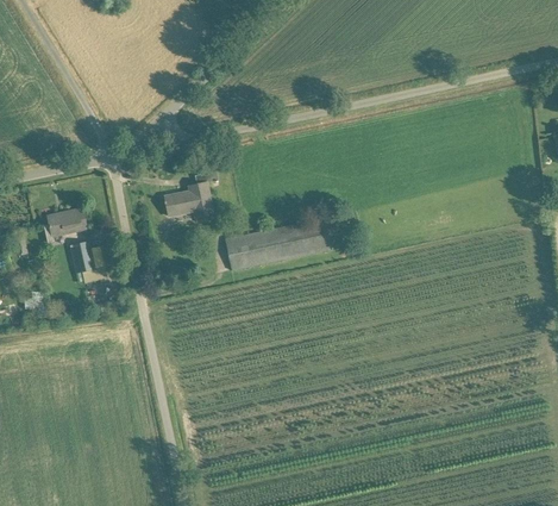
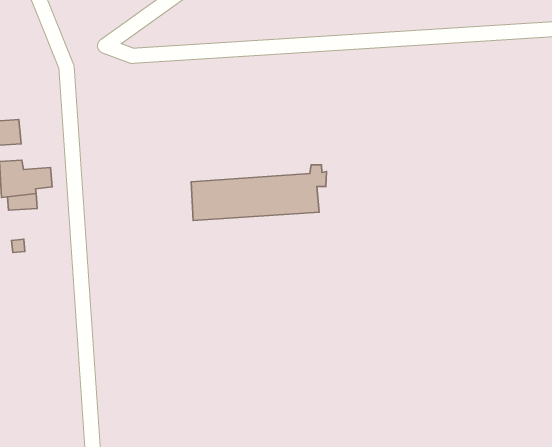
building: [162,170,217,215] -> none

